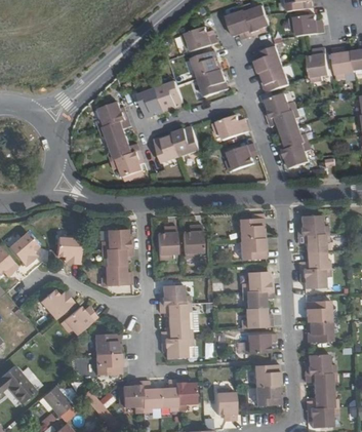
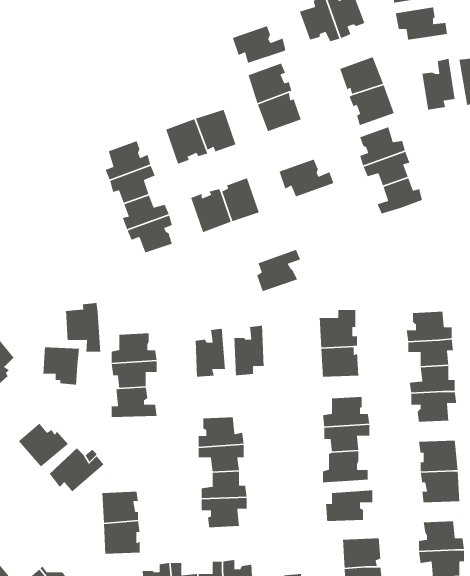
building: [280,142,311,168] -> none
building: [227,143,256,171] -> [256,249,301,292]
building: none -> [65,302,101,353]

